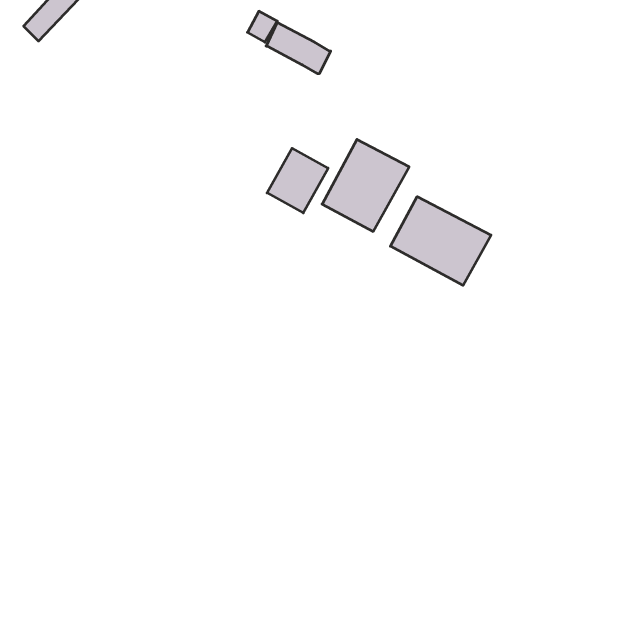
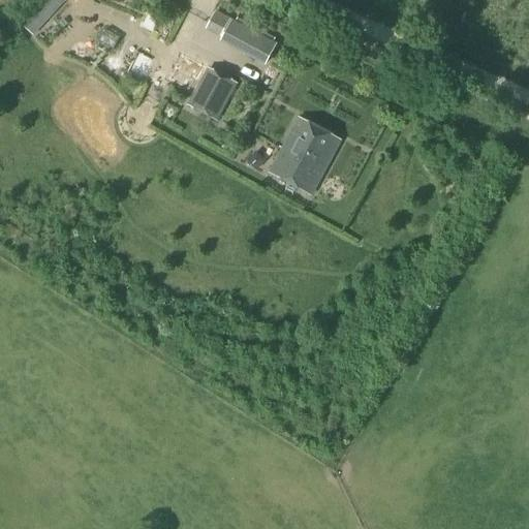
building: [267,148,328,213] -> [188,66,239,120]
building: [390,197,491,285] -> none

